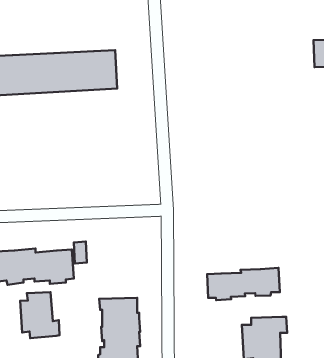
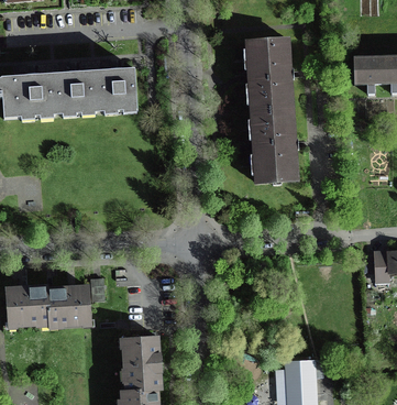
building: none -> [245,37,300,187]
building: [207,268,280,300] -> none
building: [20,292,60,338] -> none

